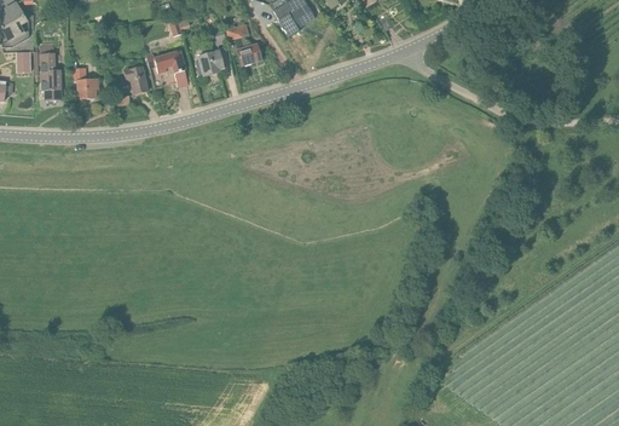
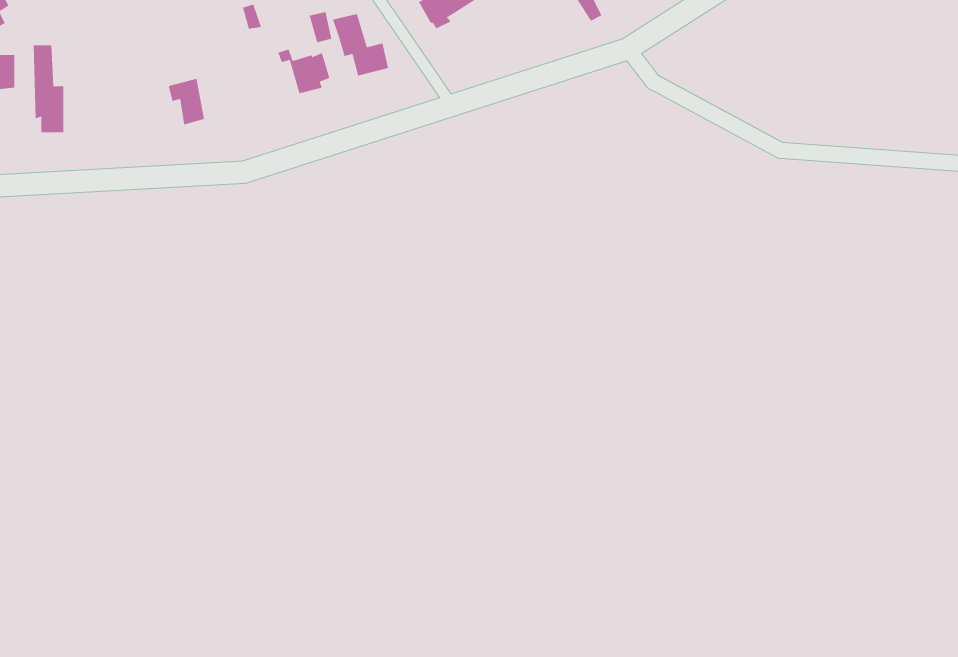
building: [145,50,187,86] -> none
building: [71,67,98,98] -> none

